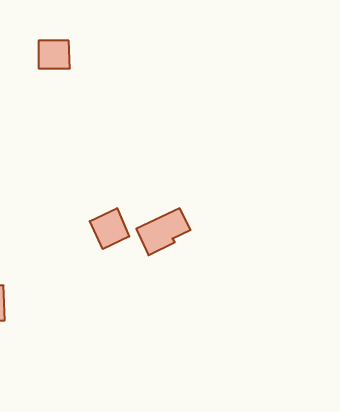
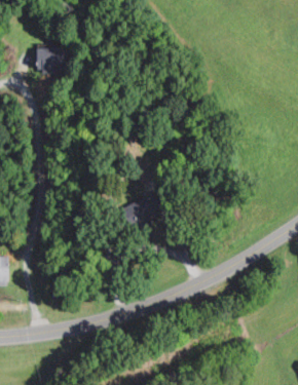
building: [90,208,129,249] -> none

